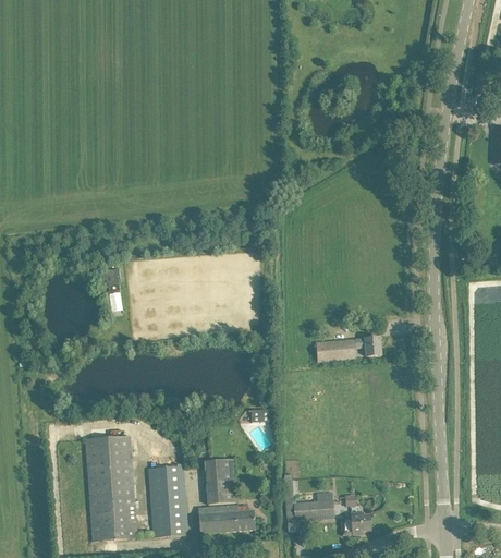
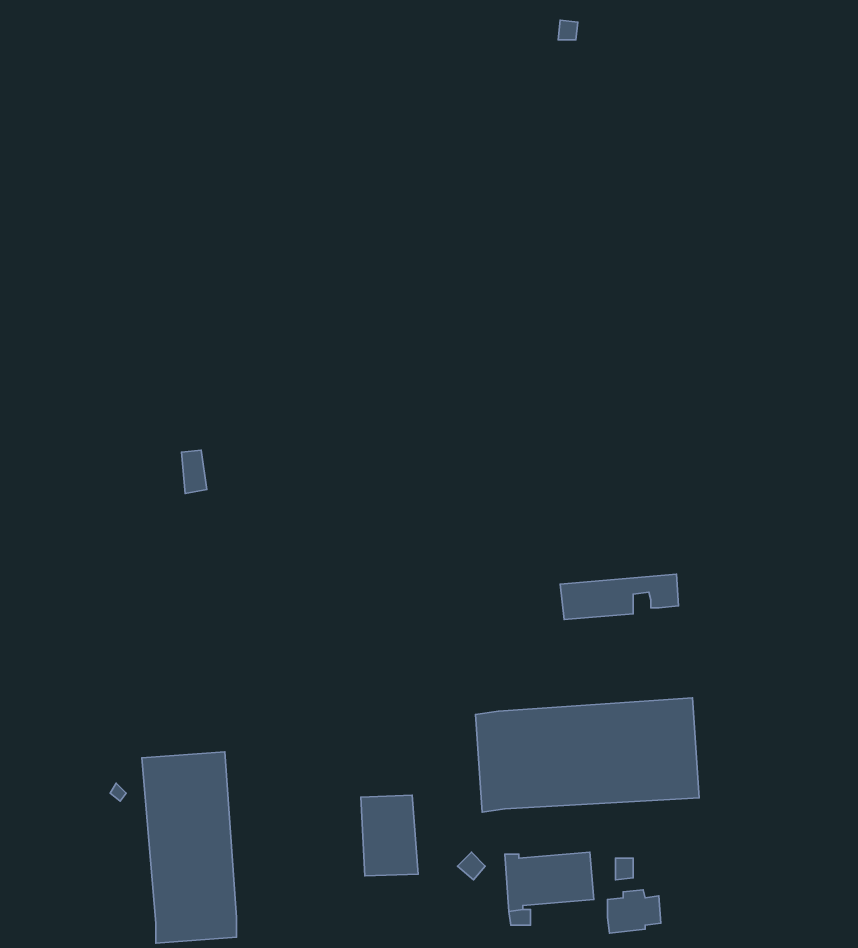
building: none -> [475,698,699,812]
building: [148,463,187,536] -> none
building: [197,504,255,533] -> none

